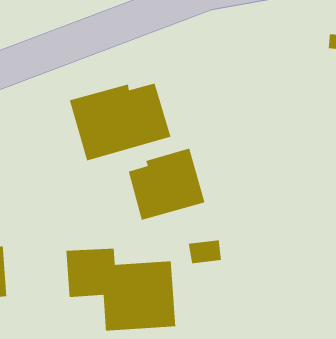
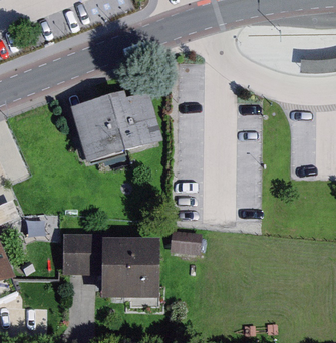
building: [128,148,205,221] -> none

